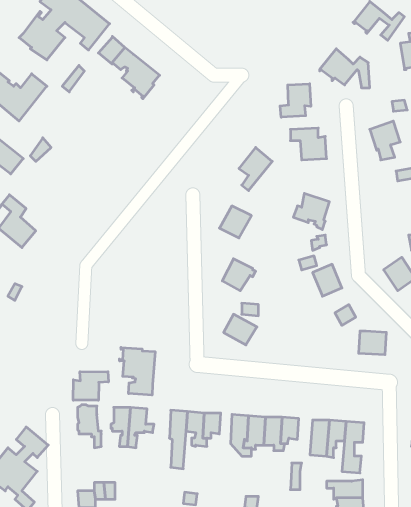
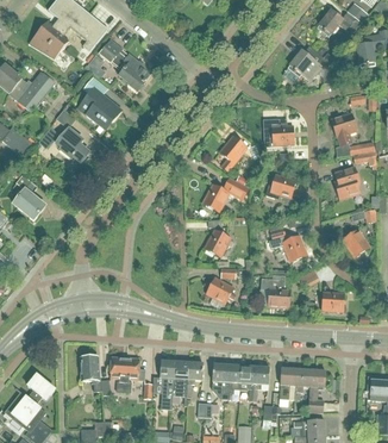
building: none -> [79,75,123,126]
building: [280,84,311,117] -> none
building: none -> [57,129,89,162]
building: none -> [334,167,361,200]
building: none -> [261,275,292,308]
building: [119,347,155,395] -> none
building: [73,372,108,400] -> none

